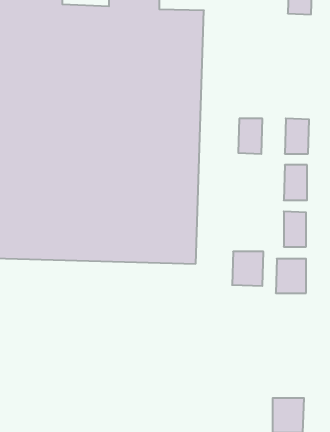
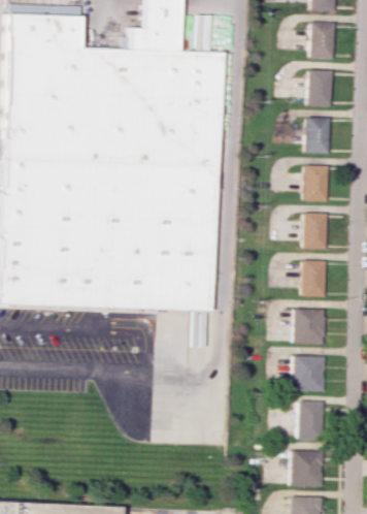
building: none -> [306,70,331,106]
building: [238,119,262,154] -> [305,118,330,154]
building: [232,252,263,286] -> [294,356,326,391]
building: none -> [298,400,325,441]

